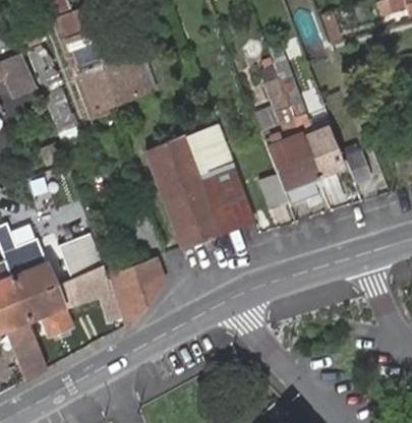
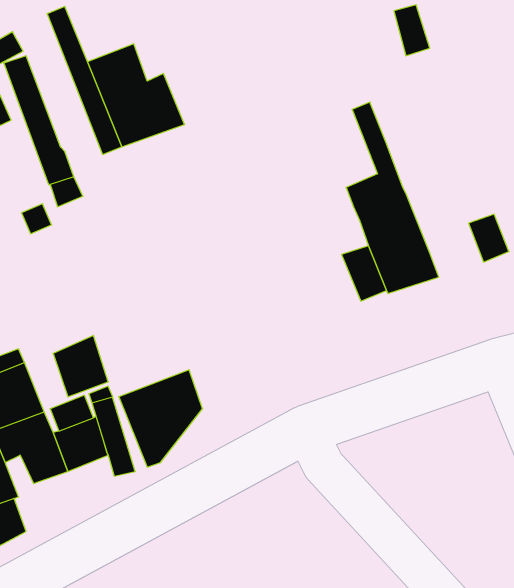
building: [275,59,344,177] -> none
building: [146,123,255,246] -> none

